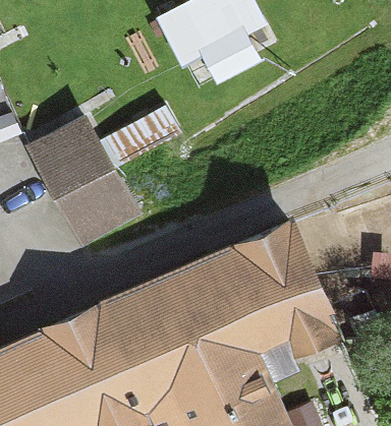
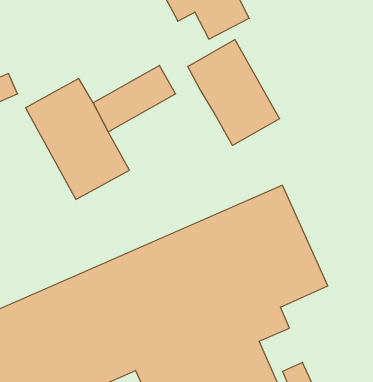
building: none -> [188,40,280,145]

